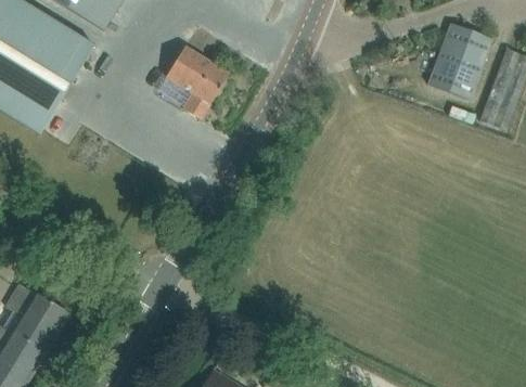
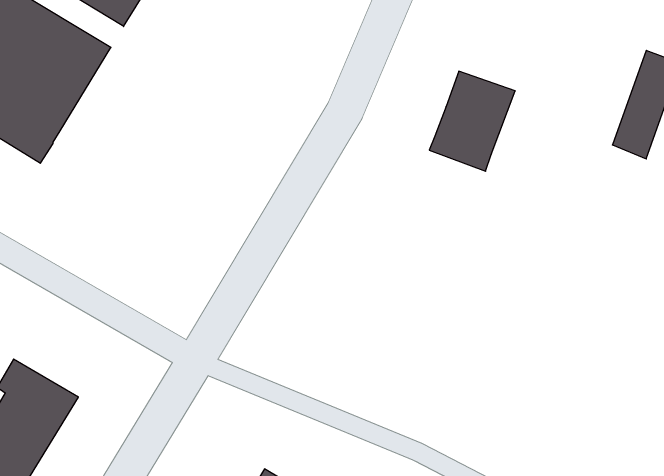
building: [426,22,492,99] -> [429,71,515,171]
building: [165,46,228,118] -> none

